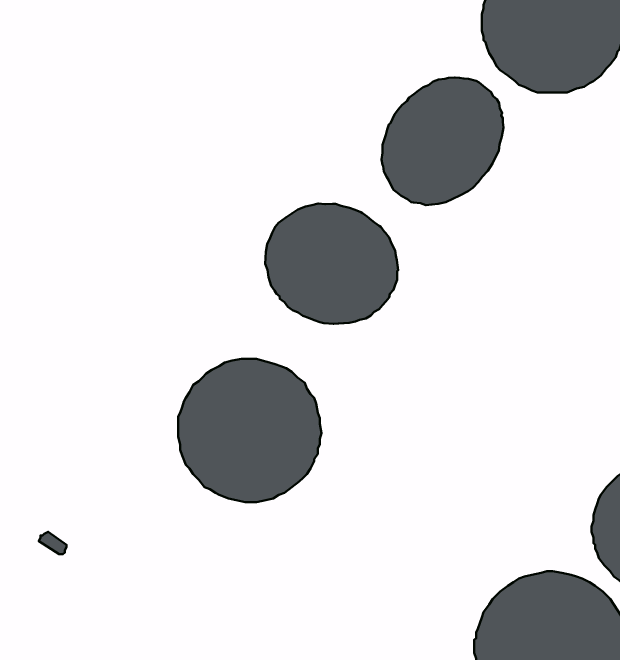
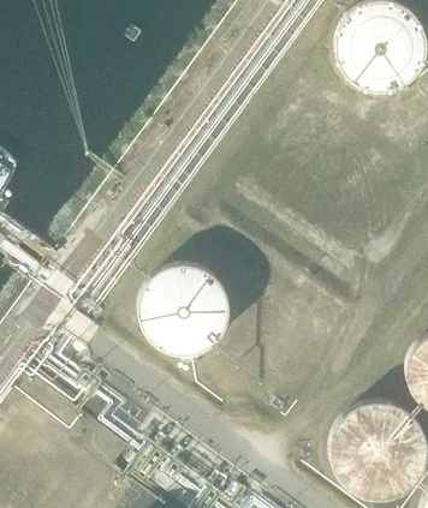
building: [382,77,504,205] -> none
building: [265,203,398,324] -> none

